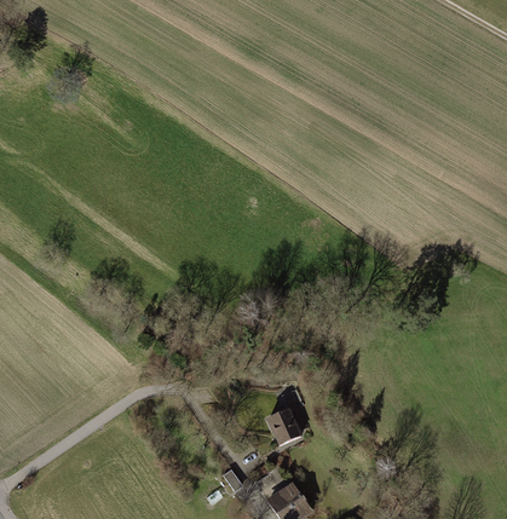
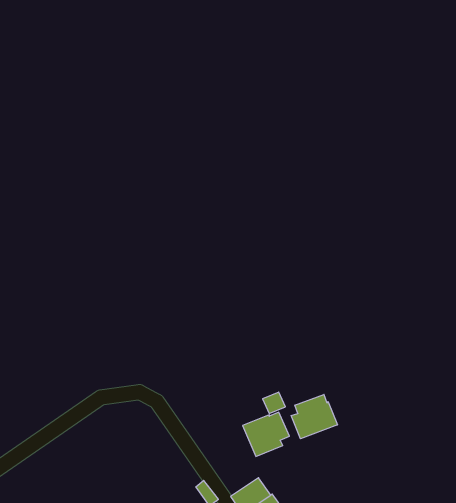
building: none -> [291,394,337,439]

